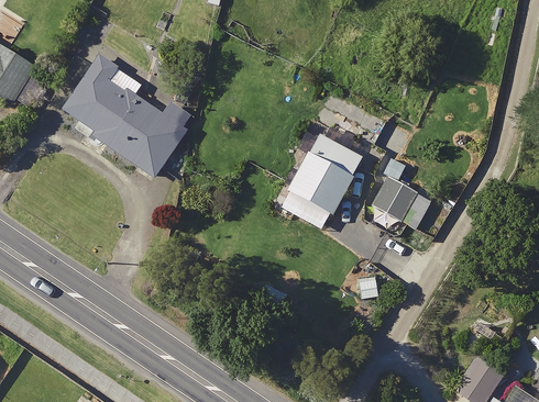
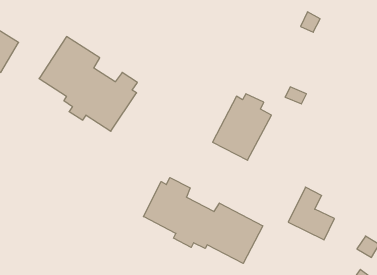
building: [370,159,429,227] -> [288,187,334,240]
building: none -> [143,178,263,263]

